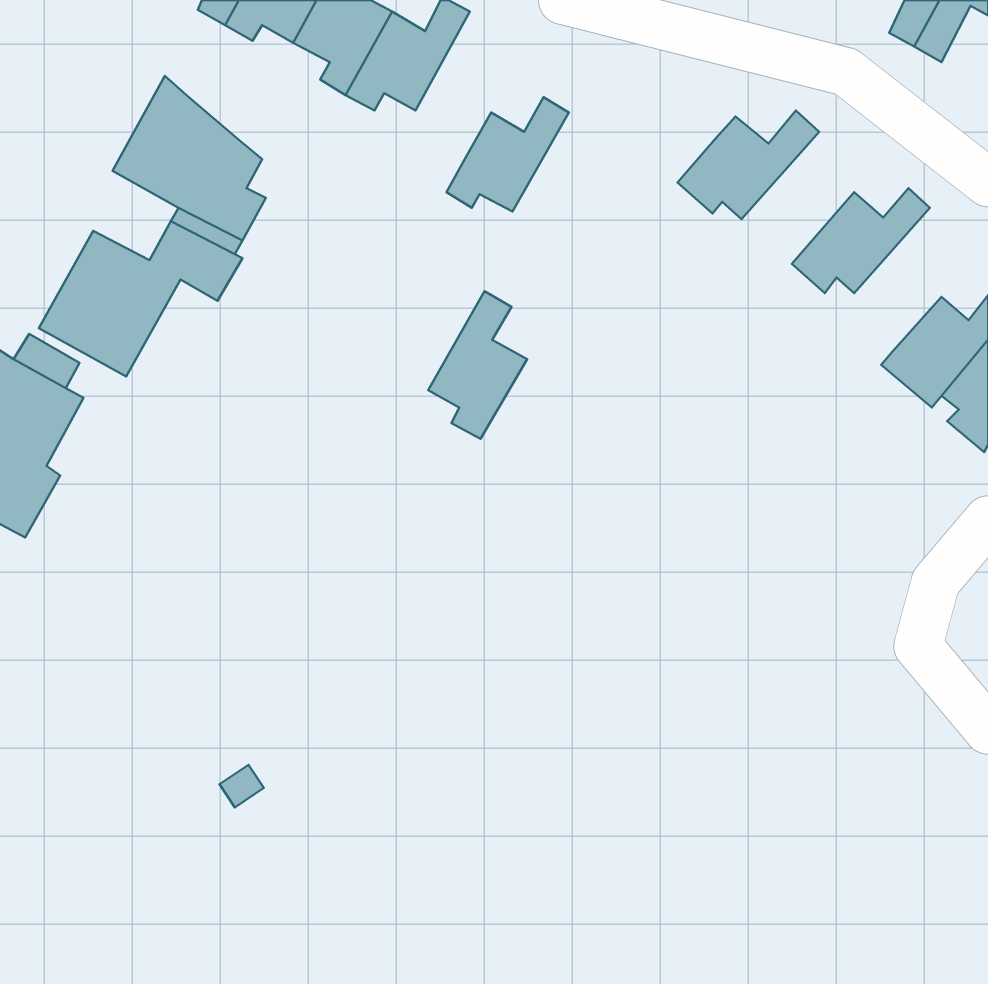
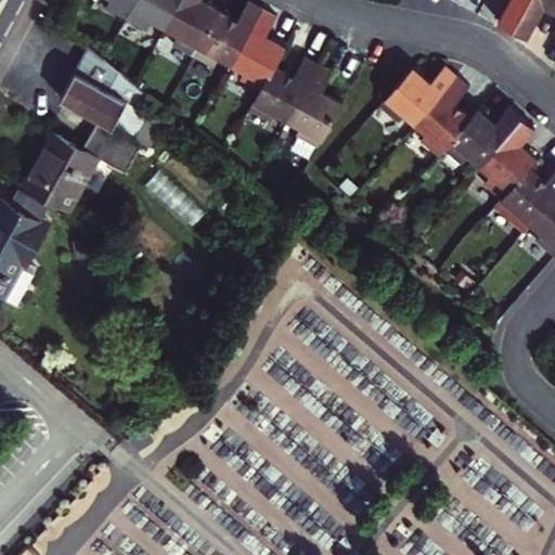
building: none -> [232,11,285,92]
building: none -> [414,78,469,157]
building: none -> [477,120,534,201]
building: [428,291,527,439] -> [286,67,341,150]

